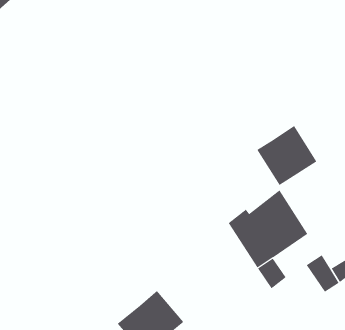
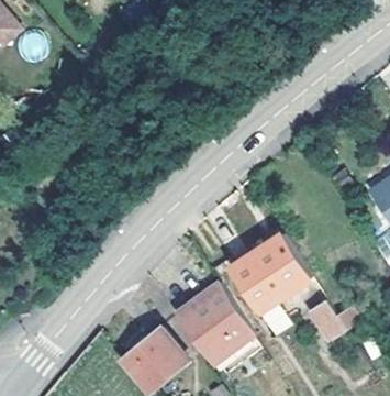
building: [256,125,317,186] -> none
building: none -> [172,286,250,367]

